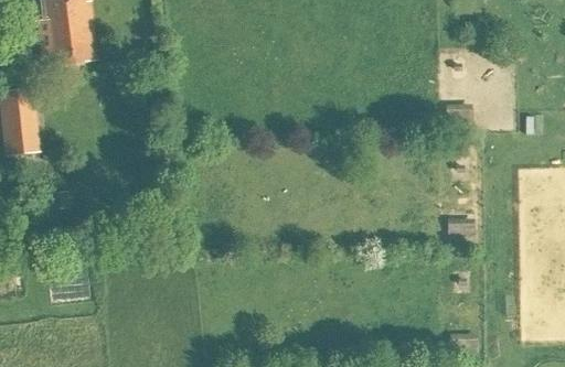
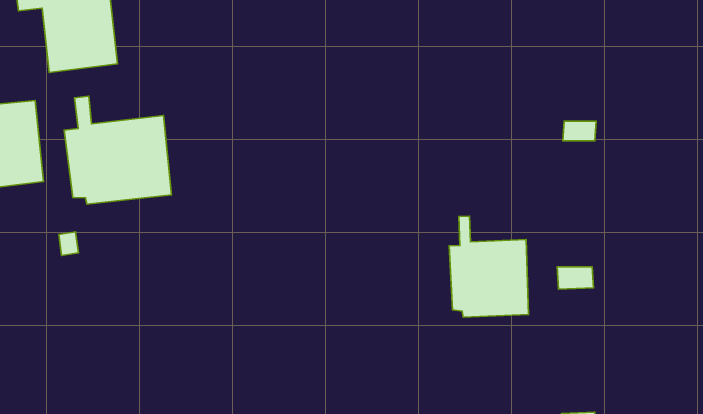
building: none -> [64,96,171,204]
building: none -> [449,216,528,317]

